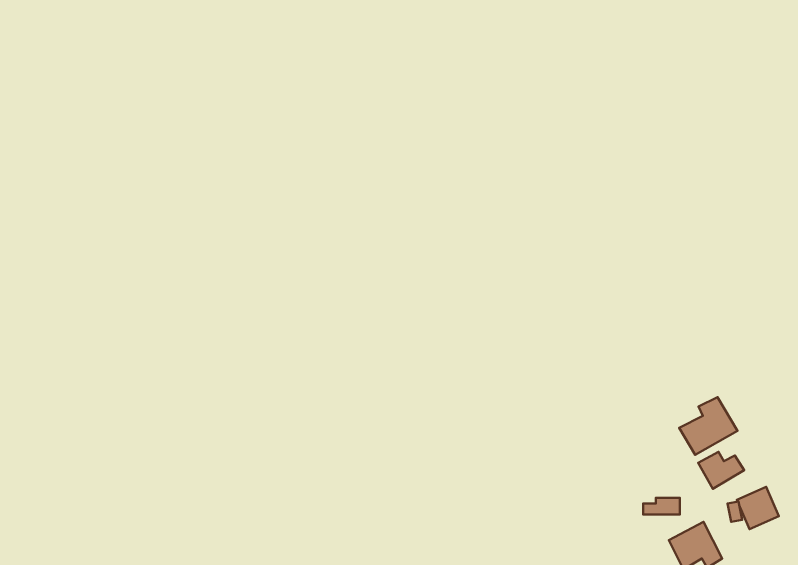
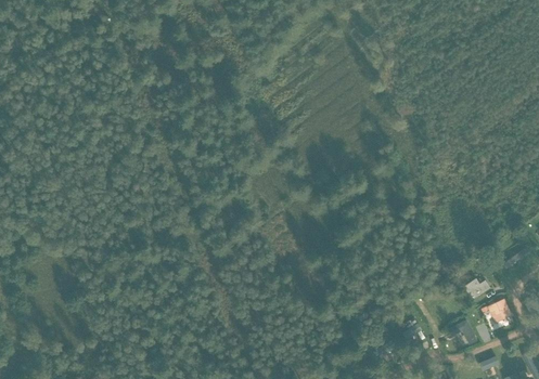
building: [679,397,737,455] -> none

